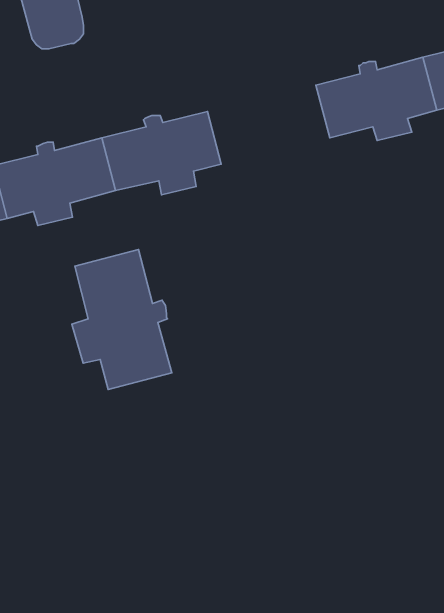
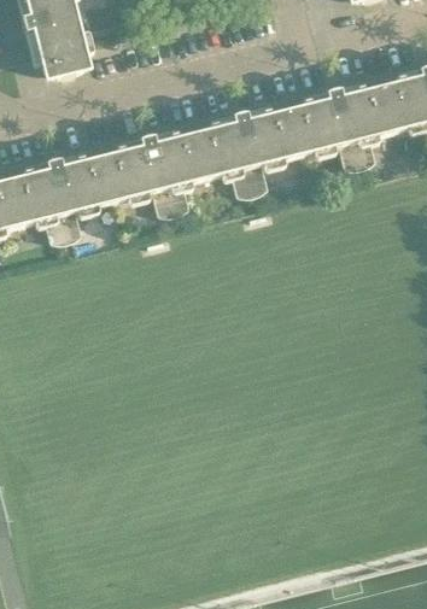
building: none -> [193,107,299,183]
building: [72,250,172,390] -> none

